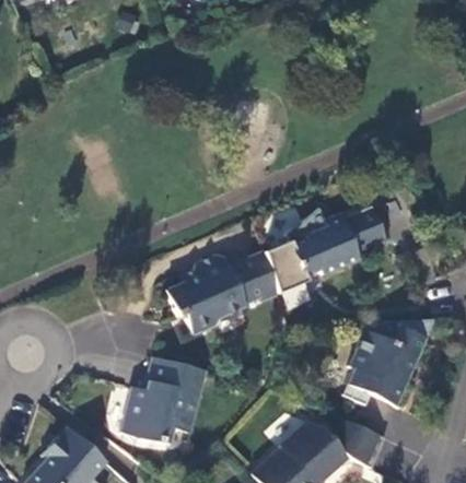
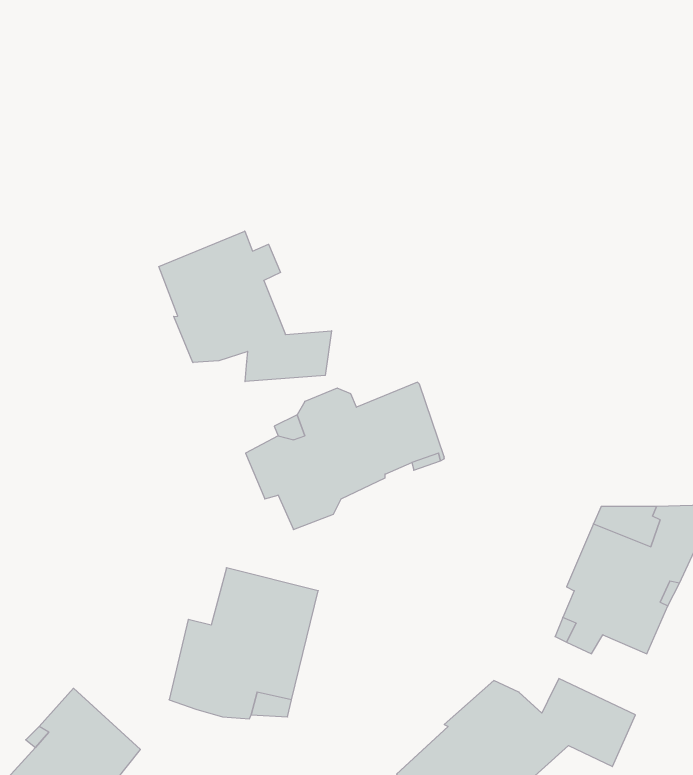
building: none -> [159,231,332,382]
building: [266,205,387,293] -> none

